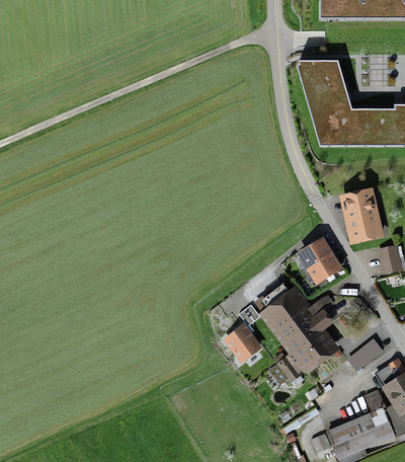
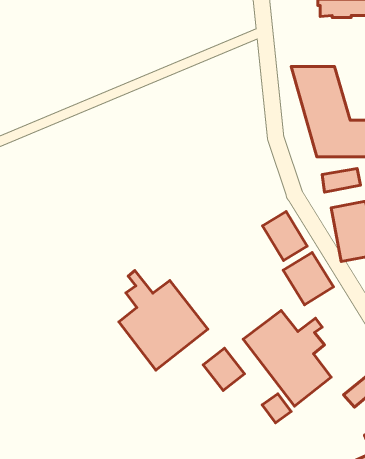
building: none -> [322,168,360,192]
building: none -> [262,212,307,261]
building: none -> [119,271,208,370]

